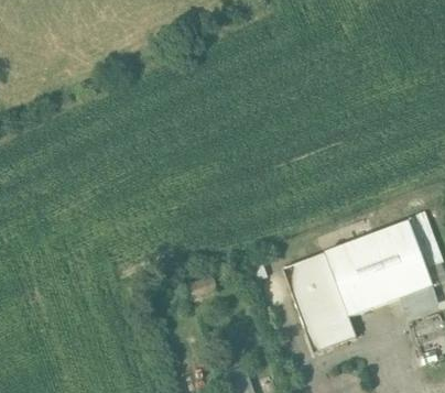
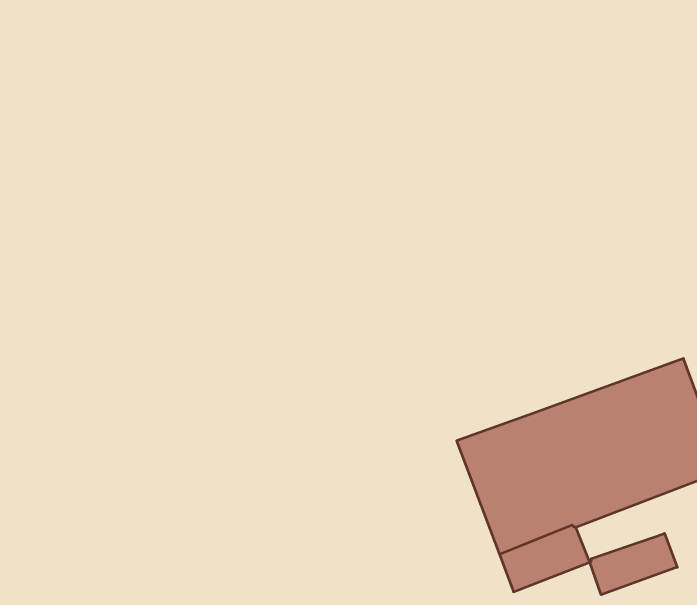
building: none -> [590,533,677,595]

